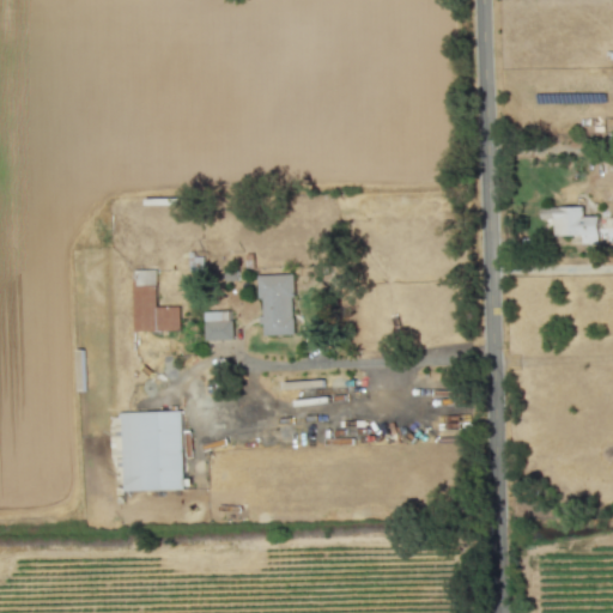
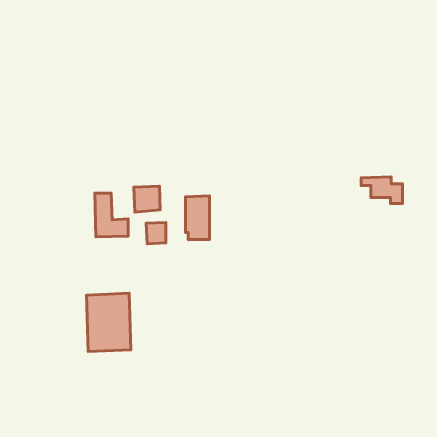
building: [541,207,599,244] -> [361,177,402,203]
building: none -> [134,186,160,212]

